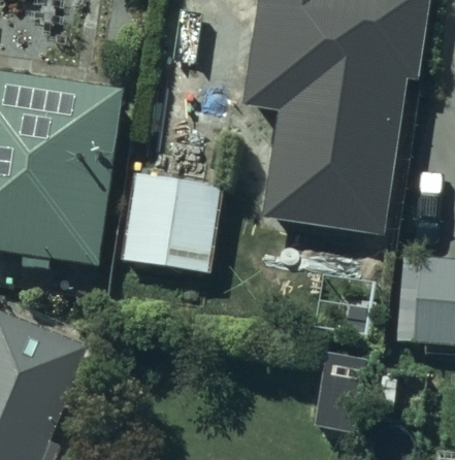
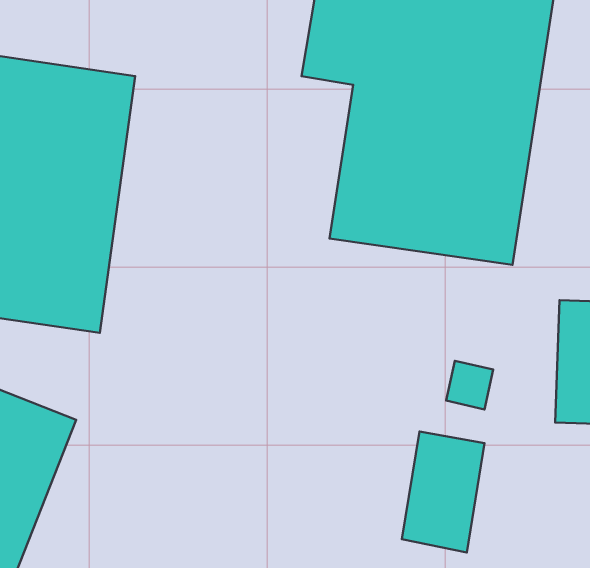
building: [123,173,222,268] -> none

